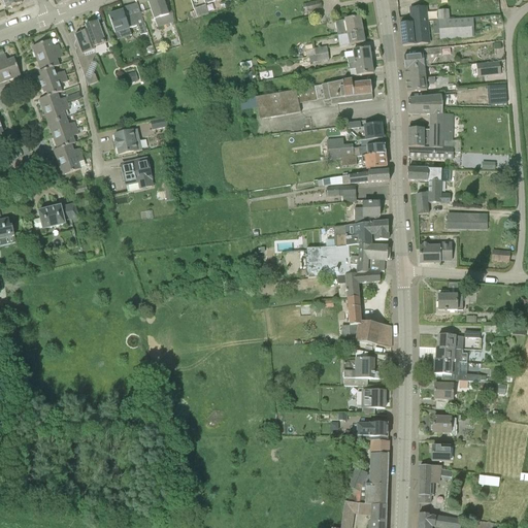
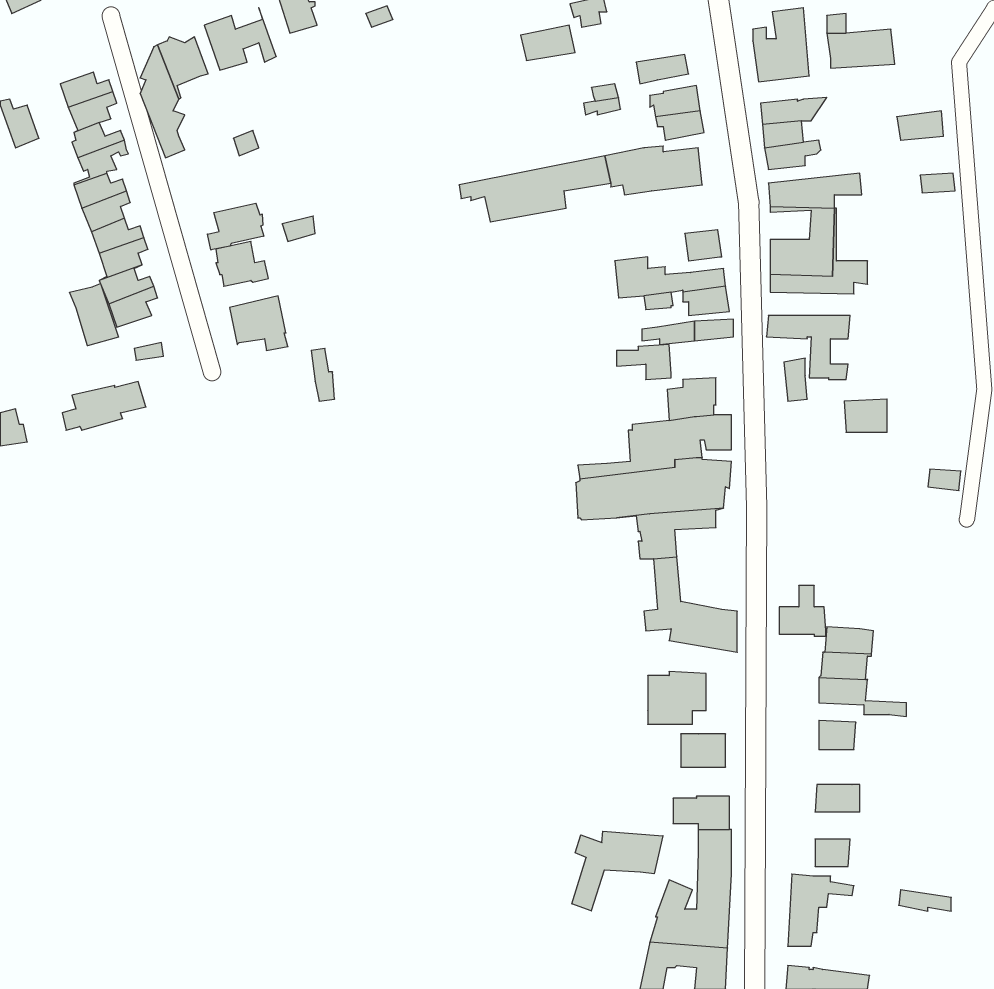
building: [334,14,363,33] -> [521,25,575,60]
building: none -> [207,203,264,250]
building: none -> [70,284,118,346]
building: [419,240,452,261] -> none
building: [438,282,463,308] -> [779,586,826,636]
building: none -> [572,831,663,911]

